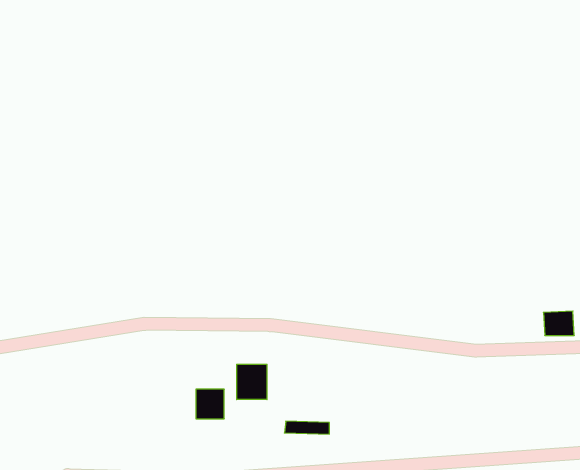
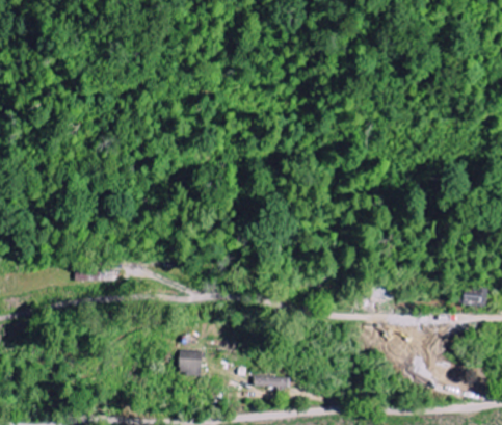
building: [237,364,267,400] -> none

